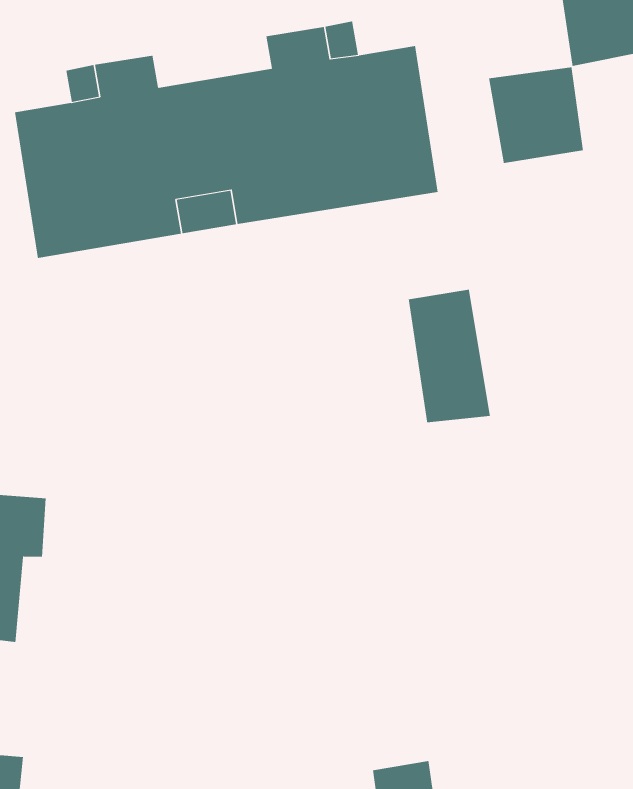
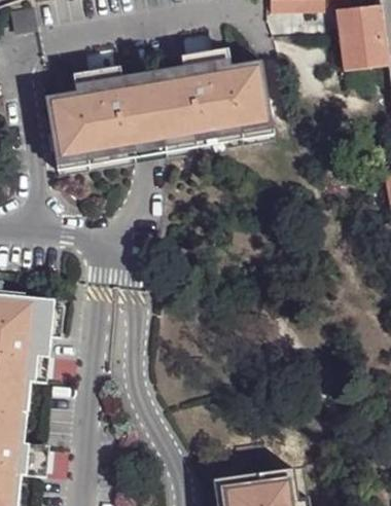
building: [489,67,584,164] -> none
building: [408,289,491,423] -> none

